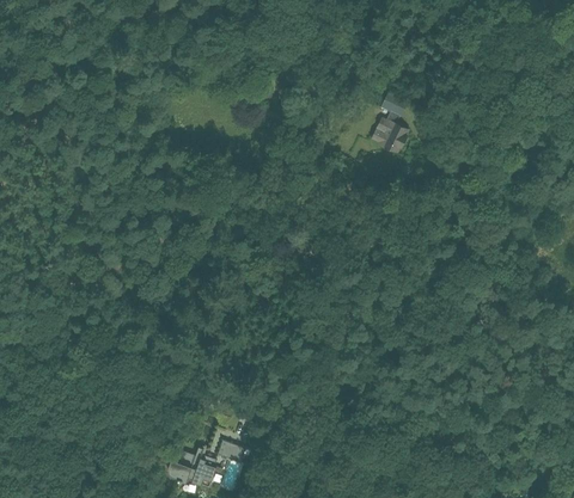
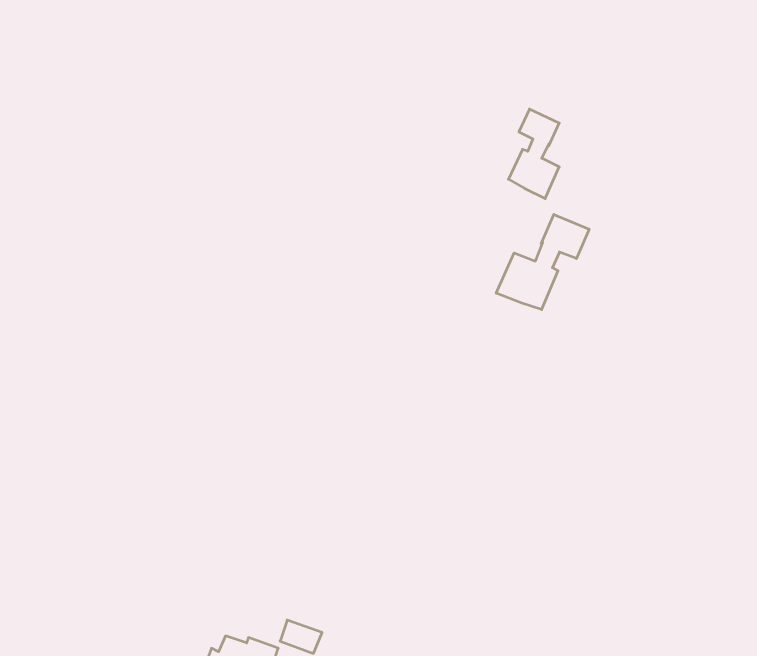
building: none -> [496,214,589,310]

